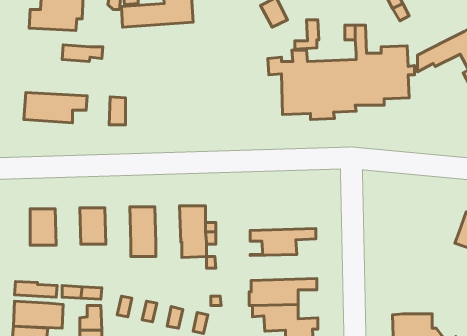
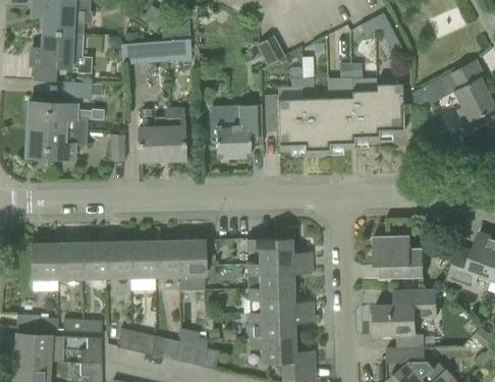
building: none -> [28,102,104,132]
building: none -> [210,105,262,158]
building: none -> [138,110,184,161]
building: none -> [374,234,425,277]
building: none -> [246,238,312,265]
building: none -> [154,240,179,277]
building: none -> [105,241,130,278]
building: none -> [56,242,81,279]
building: none -> [248,288,313,314]
building: none -> [376,288,439,346]

